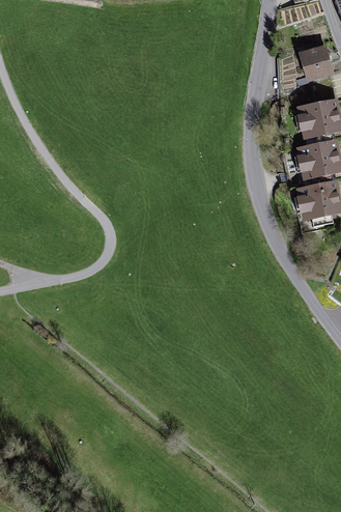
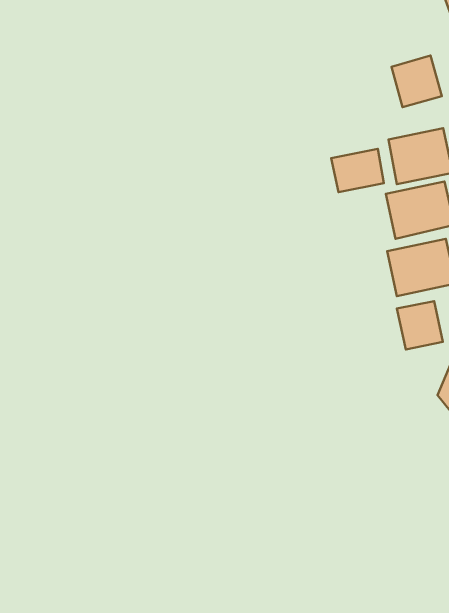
building: none -> [331,149,384,192]
building: none -> [397,301,443,349]

